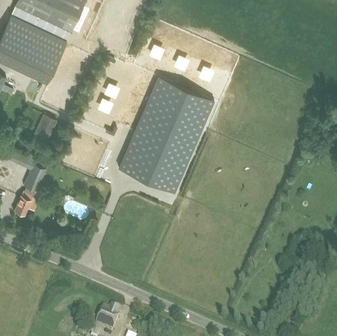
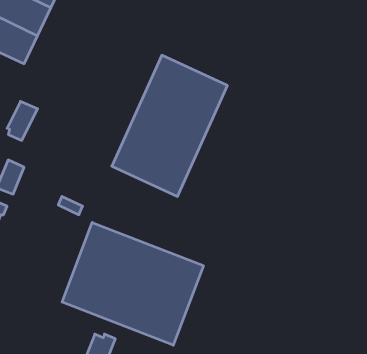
building: none -> [62,222,203,345]

